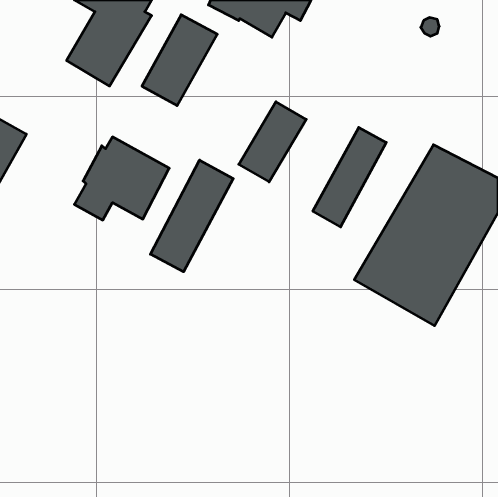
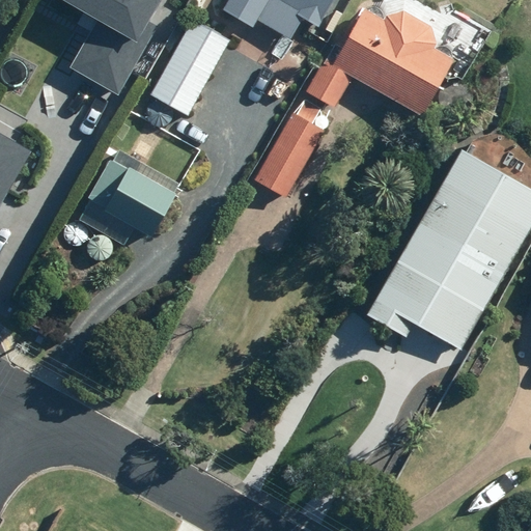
building: none -> [307,7,452,113]
building: [313,127,386,227] -> none
building: [150,160,233,272] -> none

